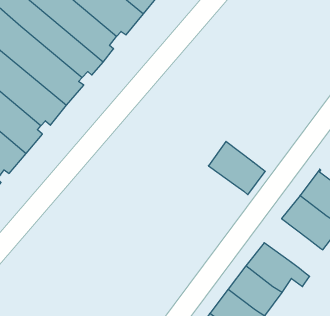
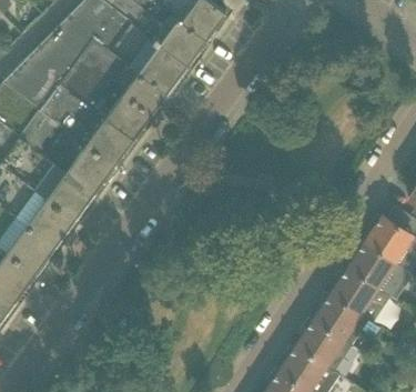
building: [208,141,265,195] -> [329,268,389,322]

